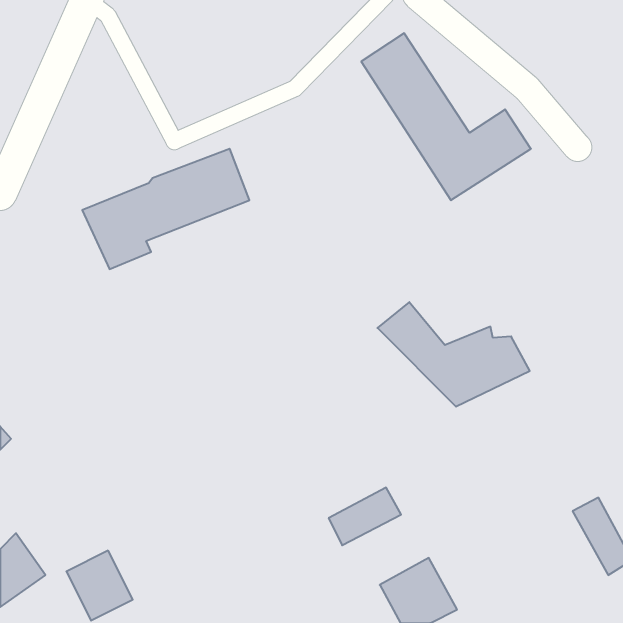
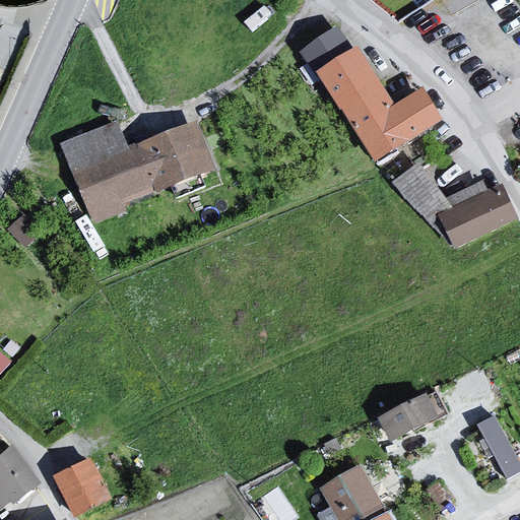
building: none -> [60,121,127,174]
building: [377,302,530,407] -> [388,162,514,249]
building: [329,488,401,545] -> [375,395,435,443]

